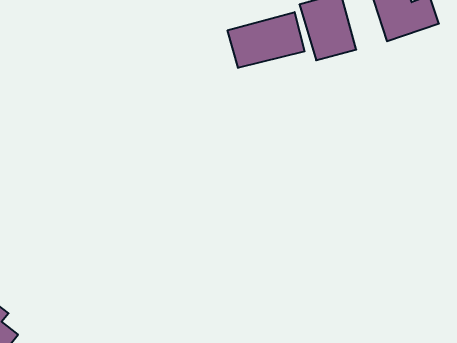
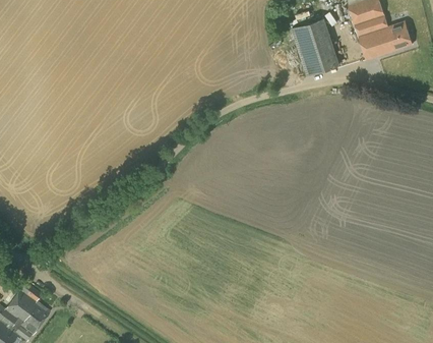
building: [228,12,305,68] -> none

